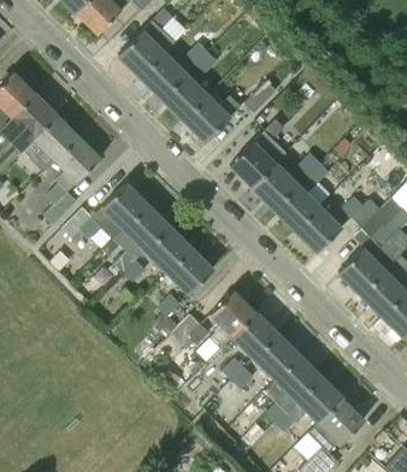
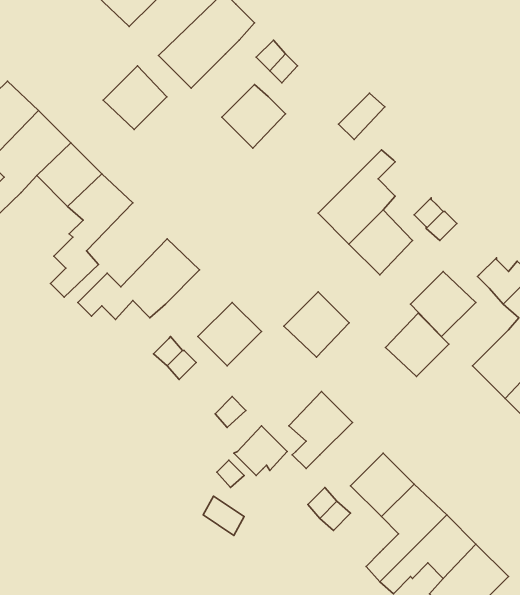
building: [142,53,187,98] -> [103,66,167,129]
building: [185,95,241,141] -> none
building: [275,184,319,229] -> [386,313,449,377]
building: [124,205,171,252] -> none
building: [167,248,213,294] -> [284,292,349,357]
building: [232,312,277,356] -> none

